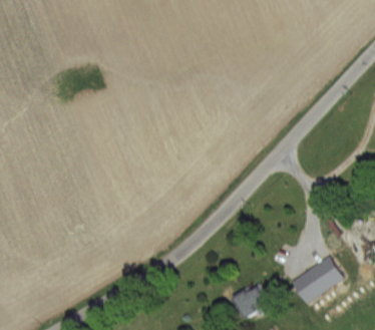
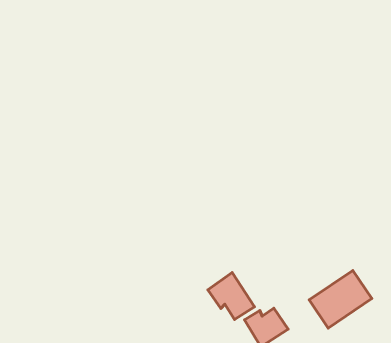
building: none -> [208,272,255,320]

